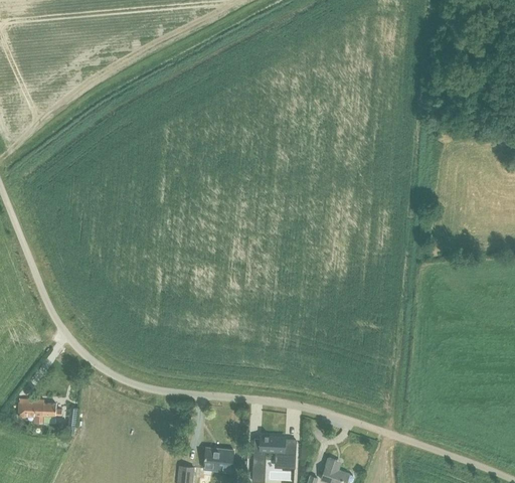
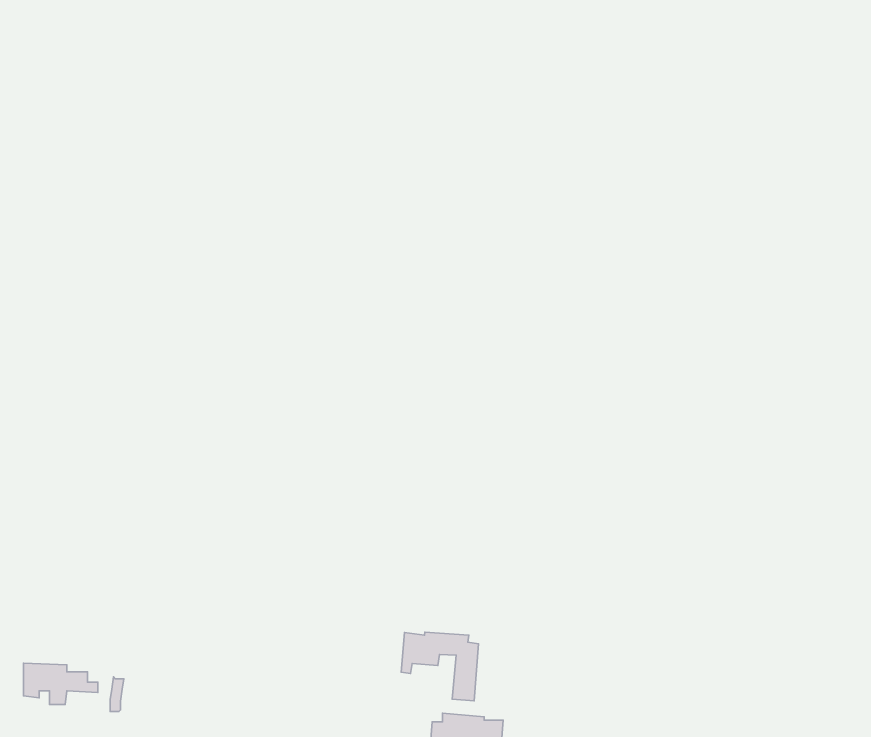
building: none -> [401,632,479,701]

